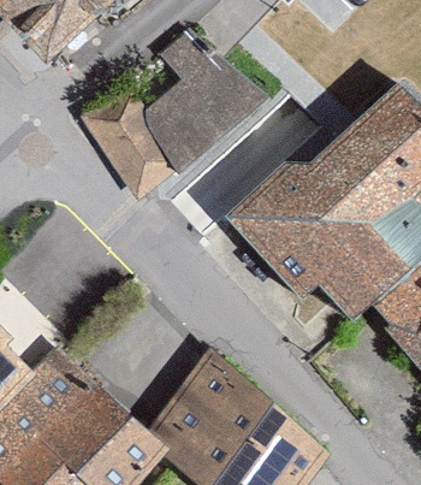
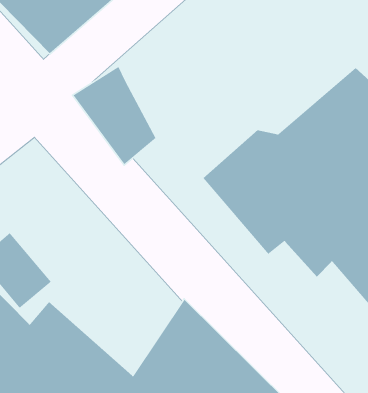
building: [142,24,267,167] -> none

